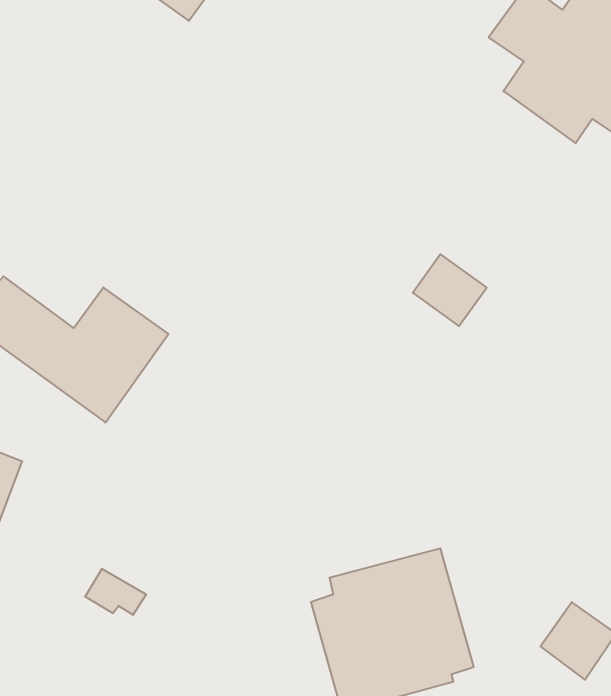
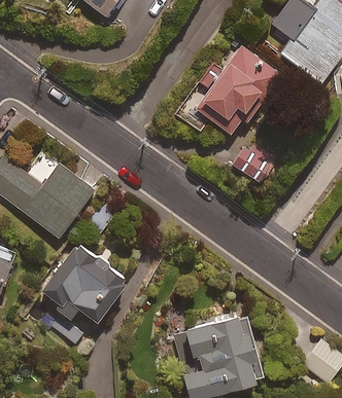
building: none -> [181,46,275,137]
building: none -> [40,236,130,322]

